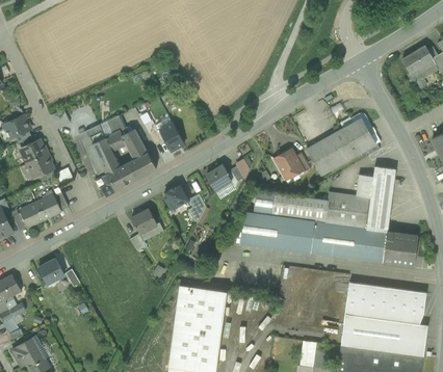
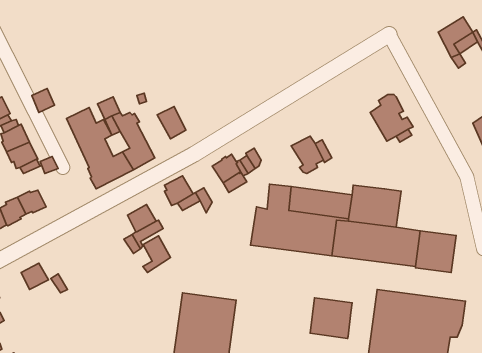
building: [307,129,358,176] -> none
building: [356,166,395,232] -> none
building: none -> [143,236,171,272]
building: none -> [310,298,352,338]

